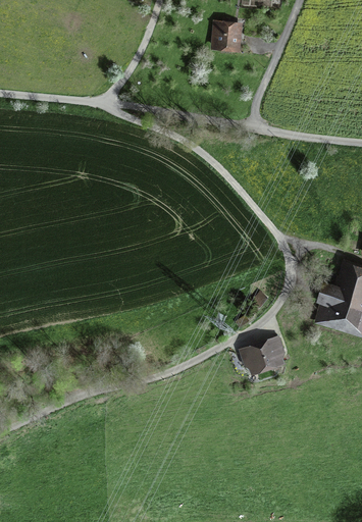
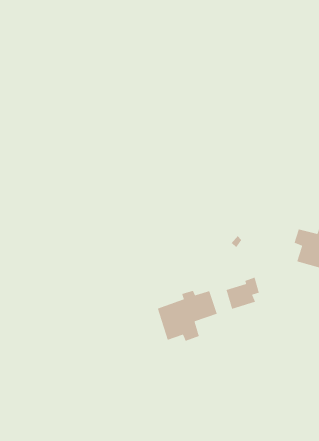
building: none -> [157,290,218,342]

